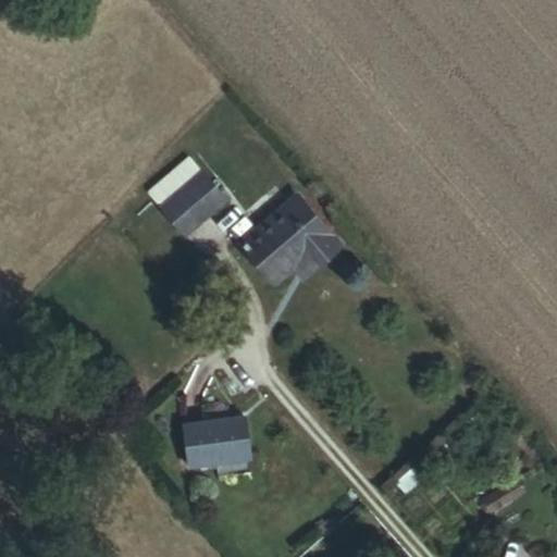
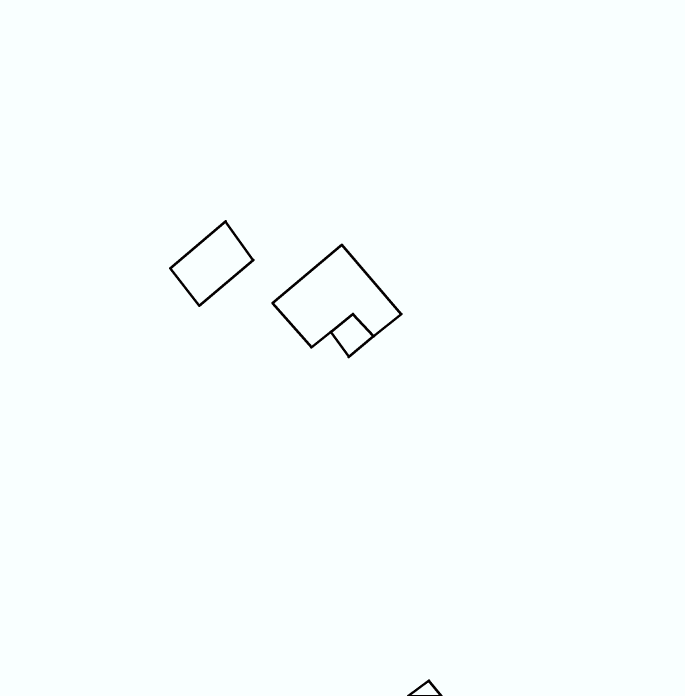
building: [198,425,252,466] -> none

